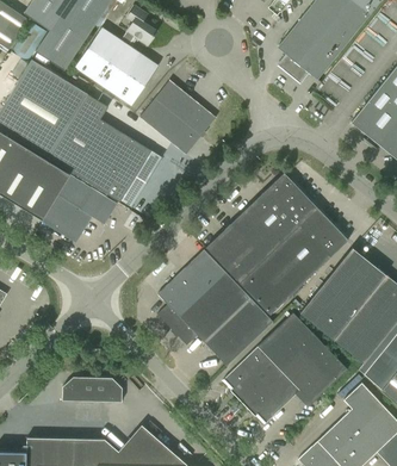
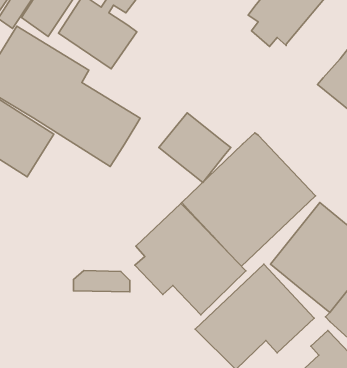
building: [139,80,216,154] -> [159,113,231,182]
building: [42,174,117,240] -> none
building: [62,377,122,399] -> [74,271,130,292]

